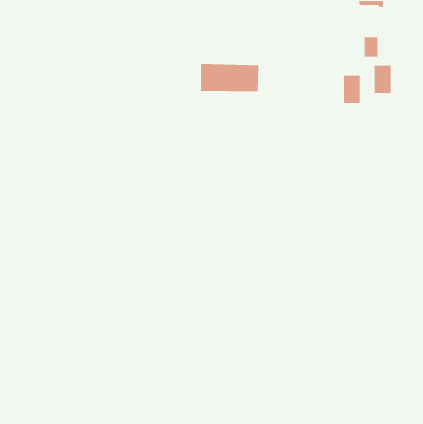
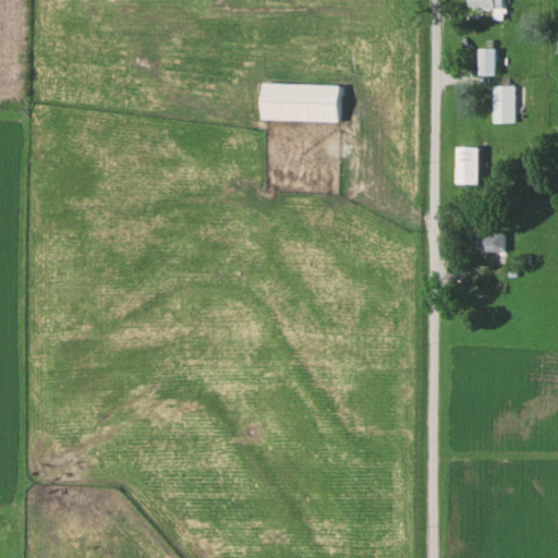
building: [343,75,361,104] -> [456,147,478,185]
building: none -> [480,222,502,253]

